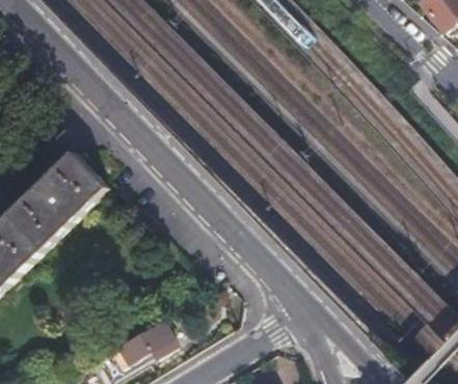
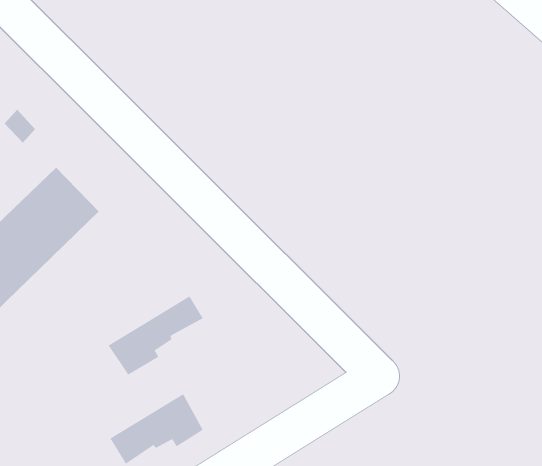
building: none -> [108,295,204,375]

